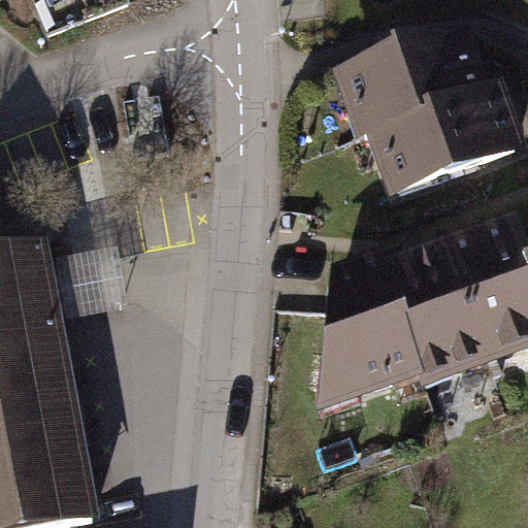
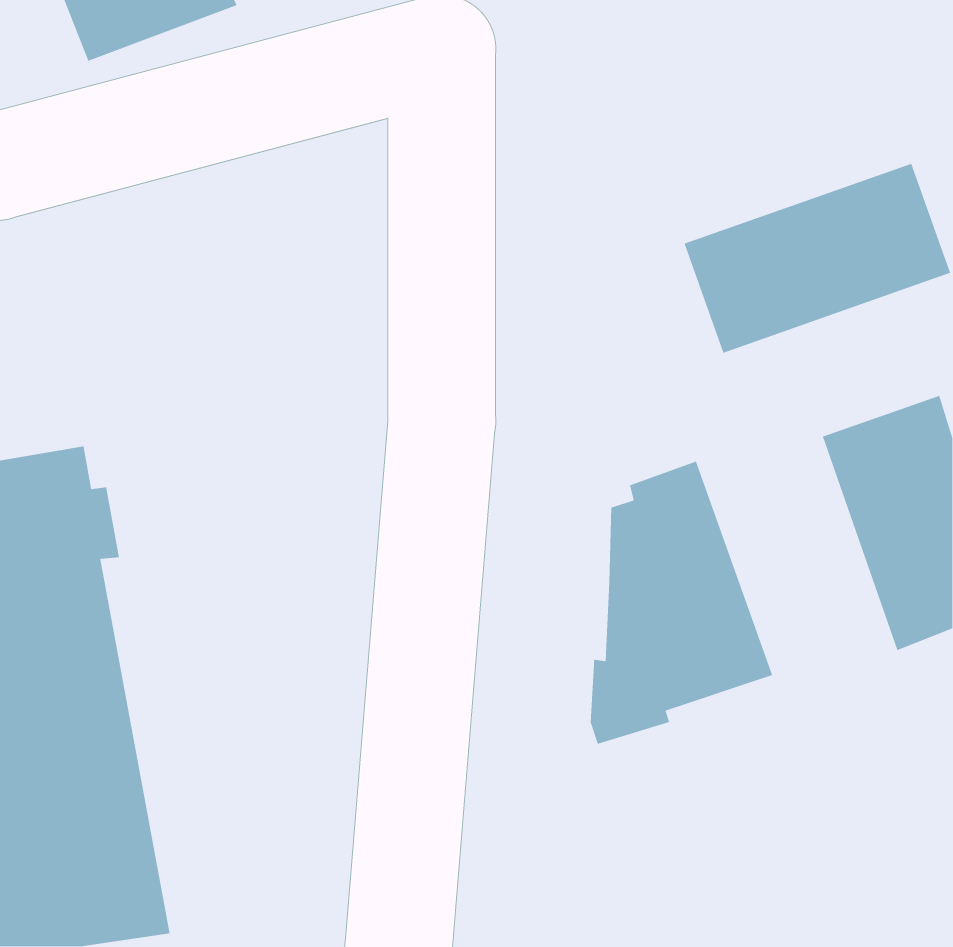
building: [343,45,491,138] -> none
building: [388,240,494,382] -> none

